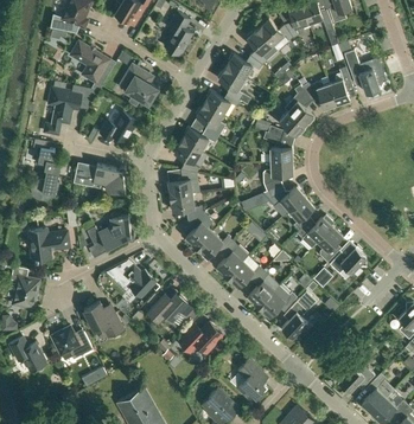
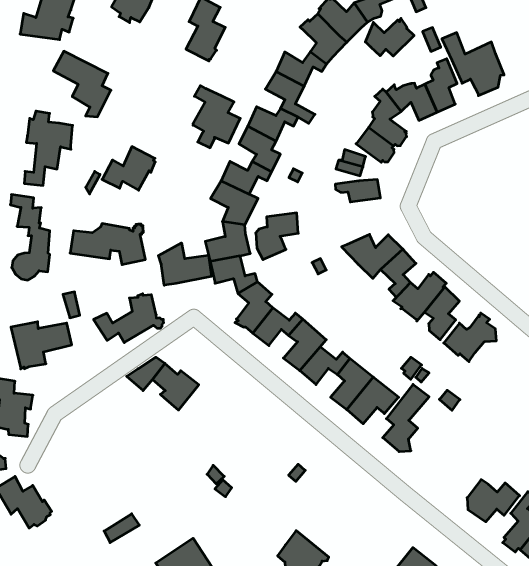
building: none -> [365,18,414,56]
building: [125,63,158,107] -> [193,86,240,148]
building: [262,160,292,191] -> [256,213,298,260]
building: none -> [158,243,211,285]
building: [147,293,192,325] -> none
building: [83,301,122,336] -> none
building: [178,321,222,353] -> none
building: [50,326,91,359] -> none
building: [235,359,267,400] -> none

